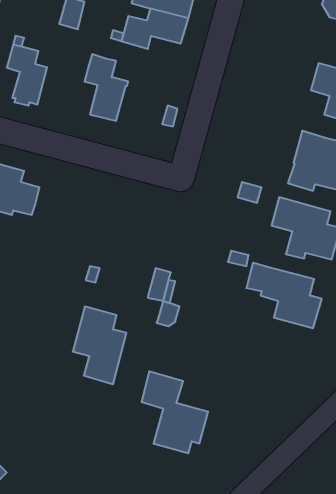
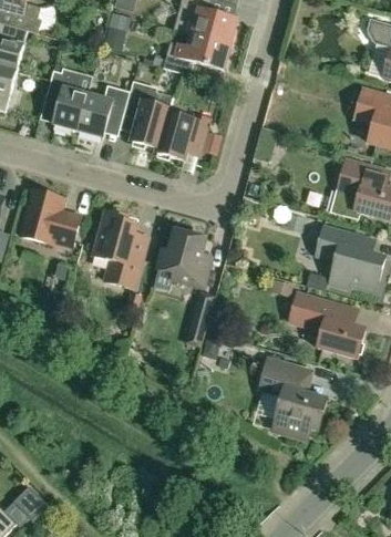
building: none -> [78,84,130,137]
building: none -> [156,112,208,159]
building: none -> [153,228,210,288]
building: [73,307,126,384] -> [93,209,147,288]
building: [141,371,208,453] -> [259,357,327,440]

